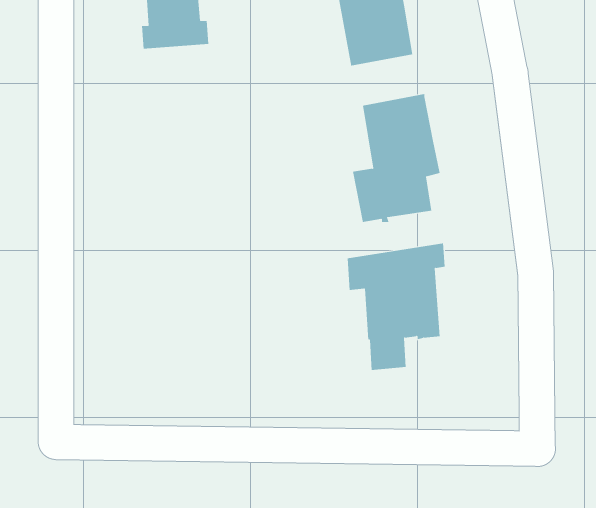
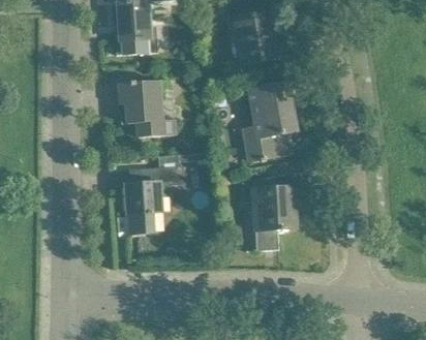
building: none -> [120,81,178,136]
building: none -> [127,165,186,235]

